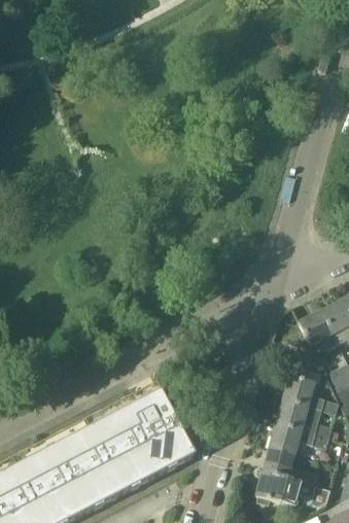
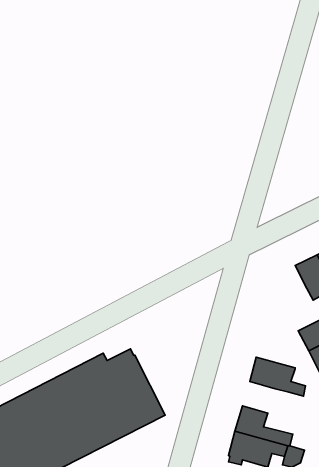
building: [299,310,339,350] -> none
building: [283,368,339,414] -> none
building: [270,423,329,454] -> none

